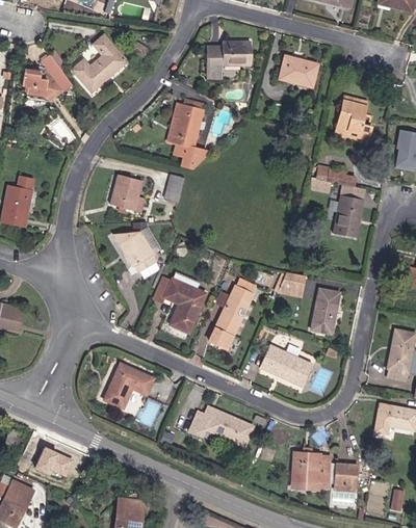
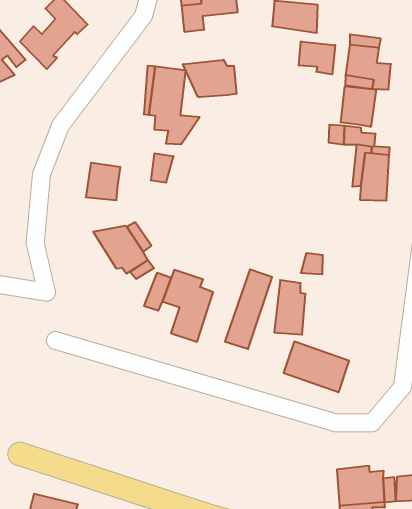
building: none -> [299,41,335,74]
building: none -> [183,60,236,97]
building: none -> [341,86,376,127]
building: [310,286,339,333] -> [274,280,306,335]
building: [103,361,155,408] -> none
building: [187,405,254,446] -> none

